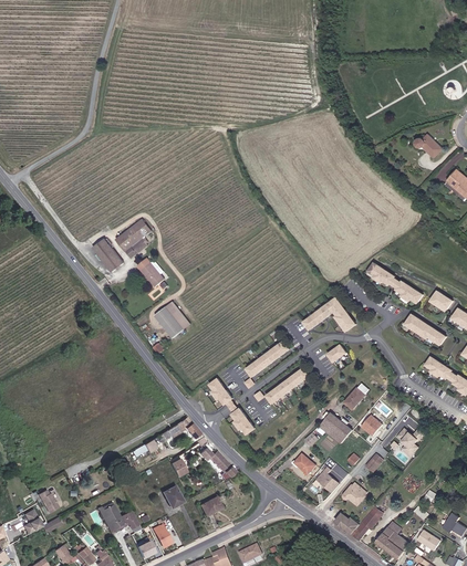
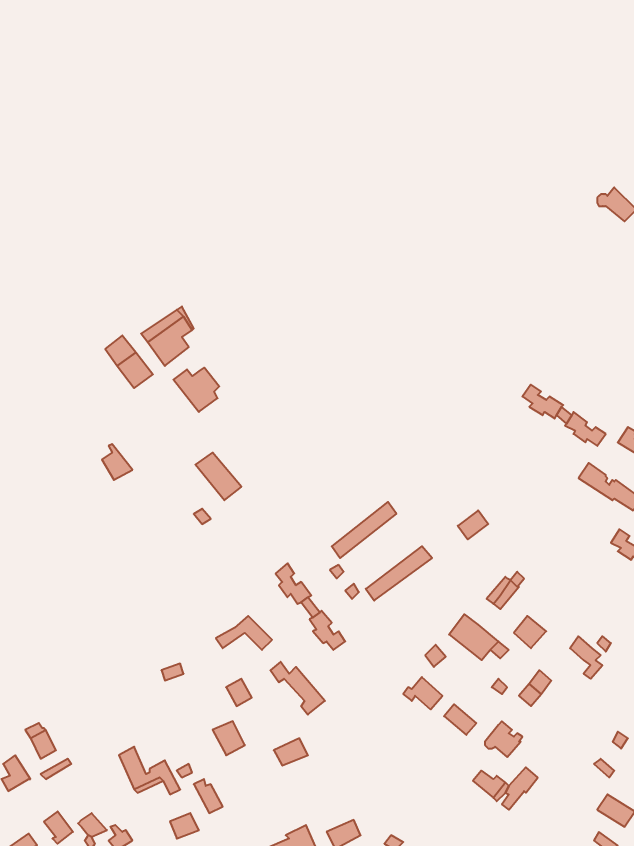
building: [301,297,353,332] -> none
building: [375,527,407,558] -> none

